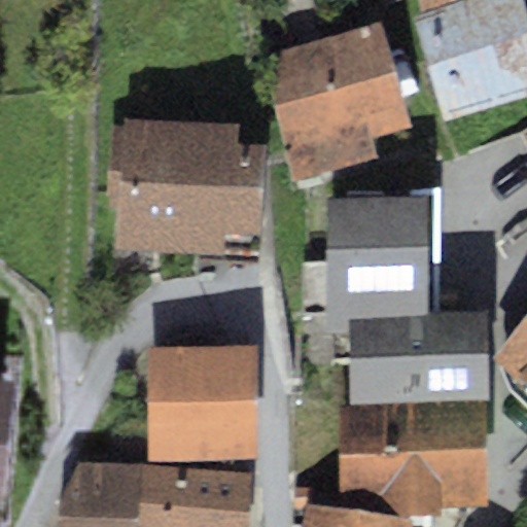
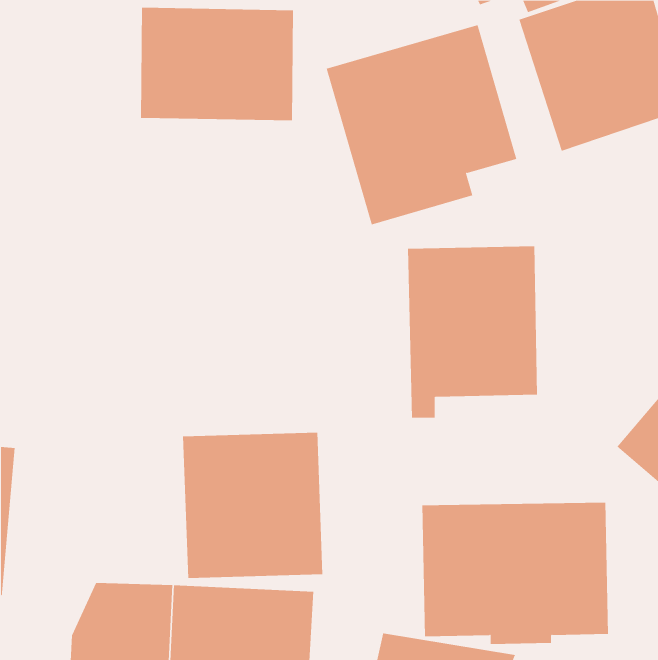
building: none -> [141,7,293,121]
building: [111,119,264,253] -> none
building: [349,314,489,402] -> none

